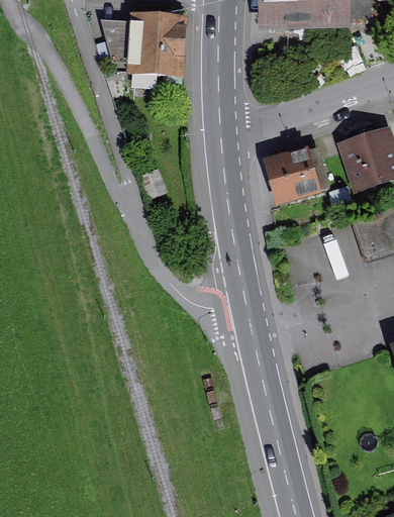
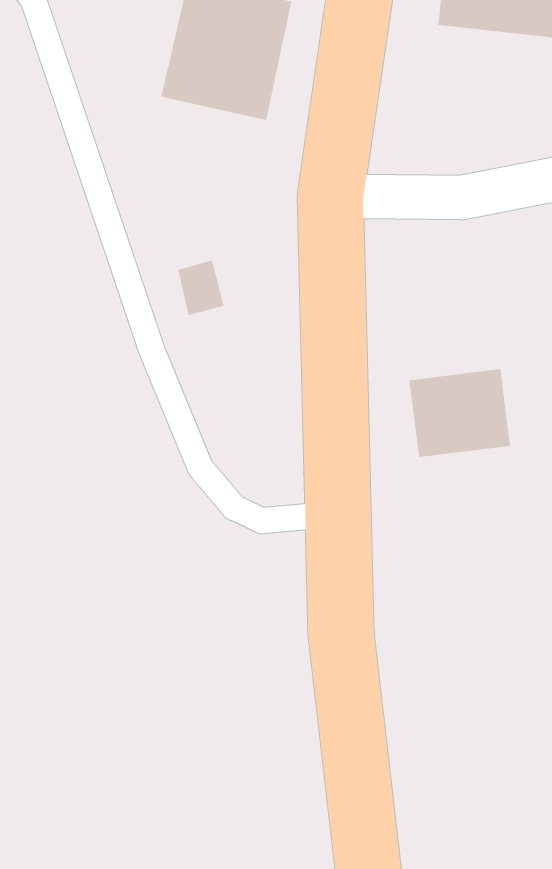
building: [266,146,326,201] -> [409,369,511,458]

